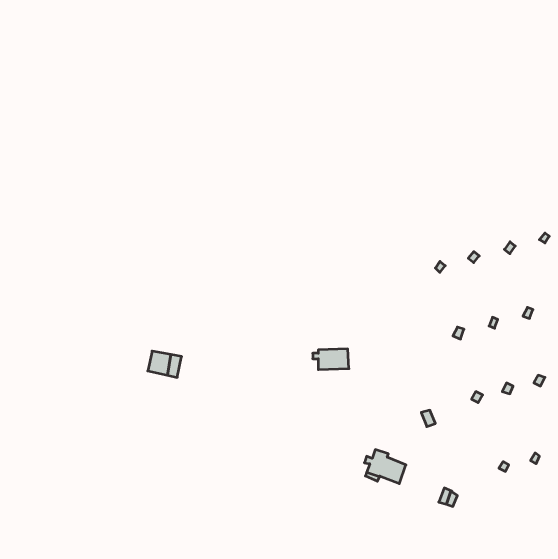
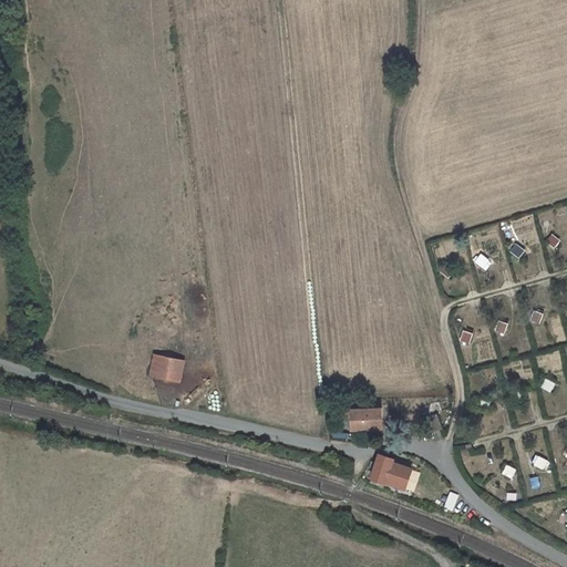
building: [313,349,349,370] -> [346,408,382,429]

